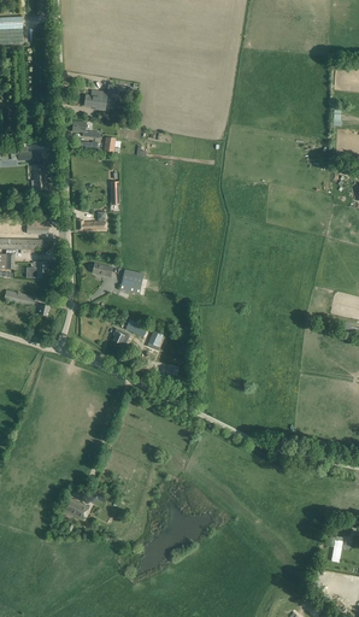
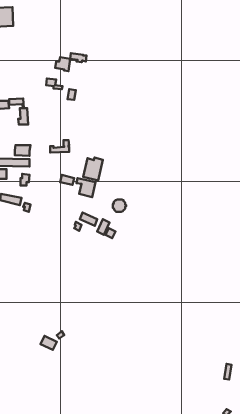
building: none -> [83,157,103,180]

